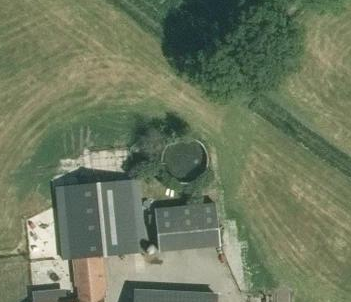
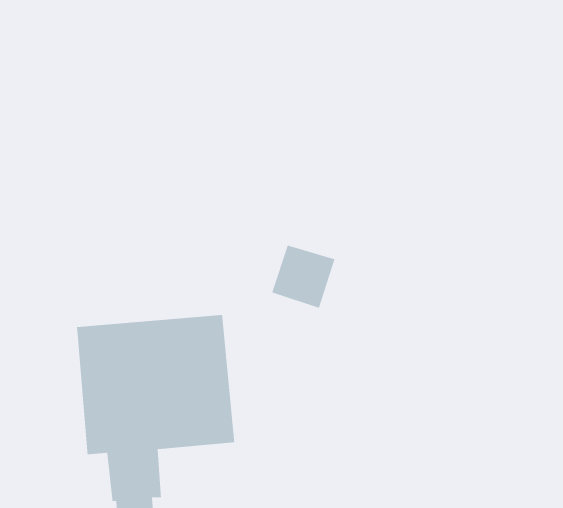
building: [155,200,220,250] -> none

